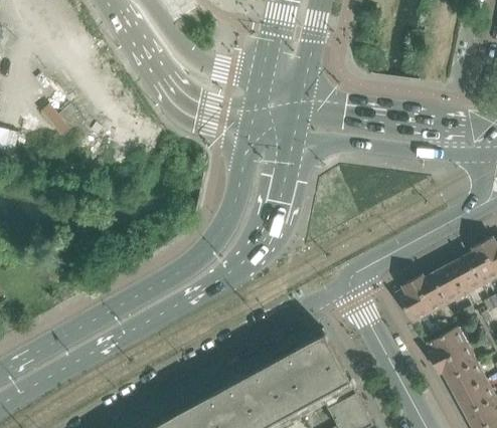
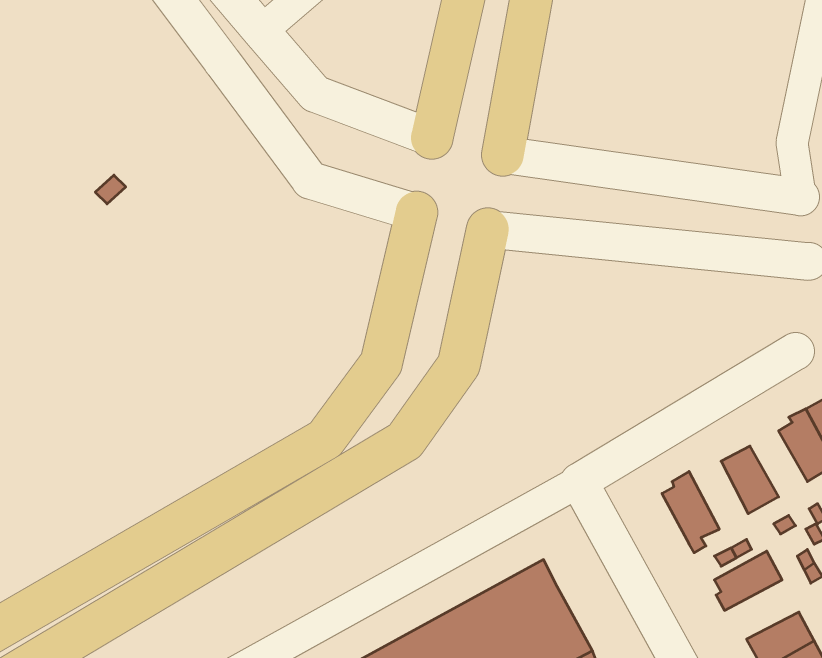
building: [448,256,482,295] -> none
building: [411,274,447,314] -> none
building: [433,345,477,380] -> none

